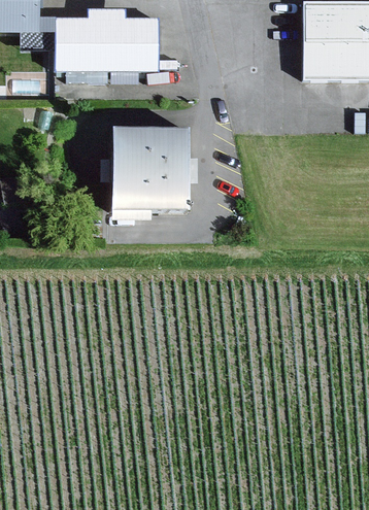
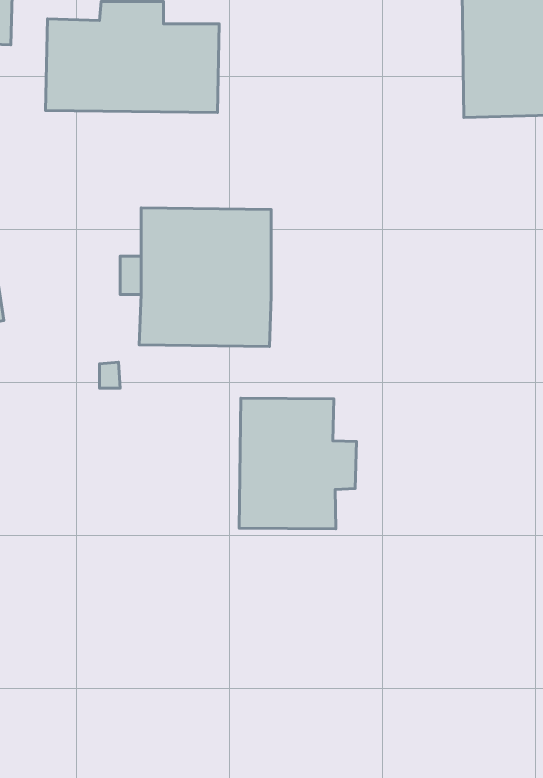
building: none -> [239,398,356,529]

